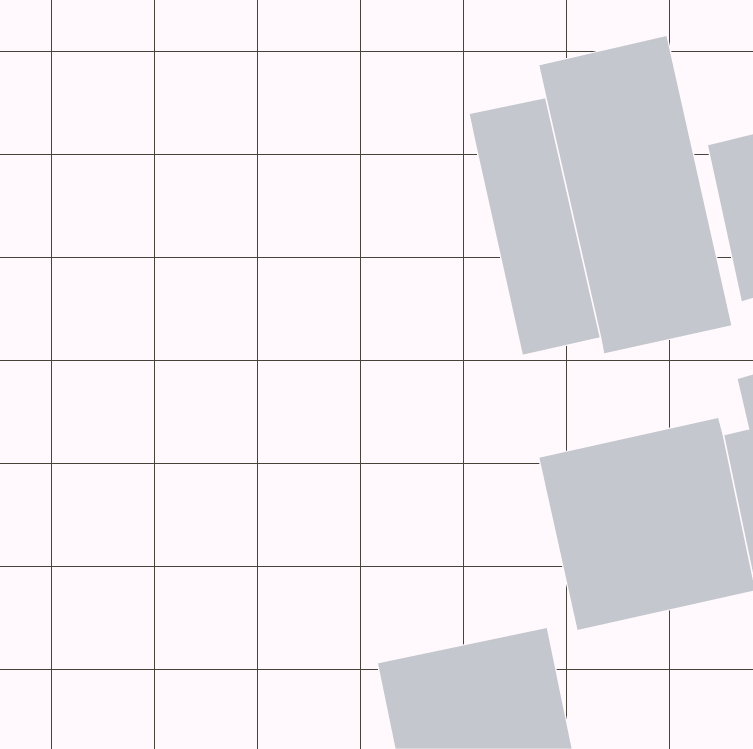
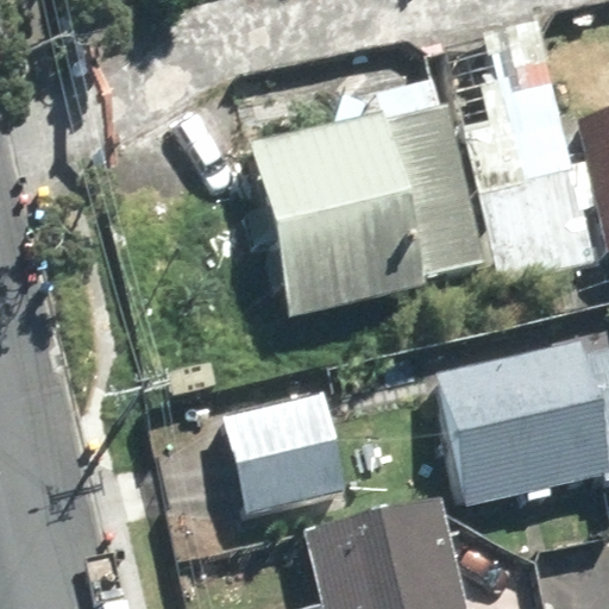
building: none -> [250,114,422,315]
building: none -> [221,393,347,515]

